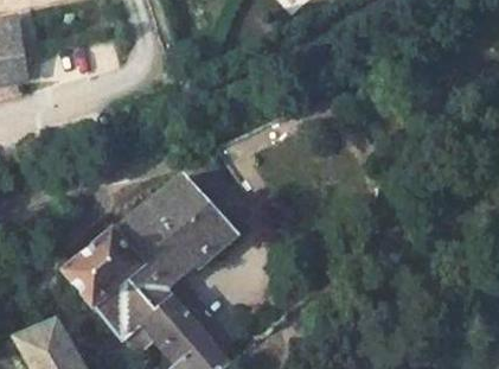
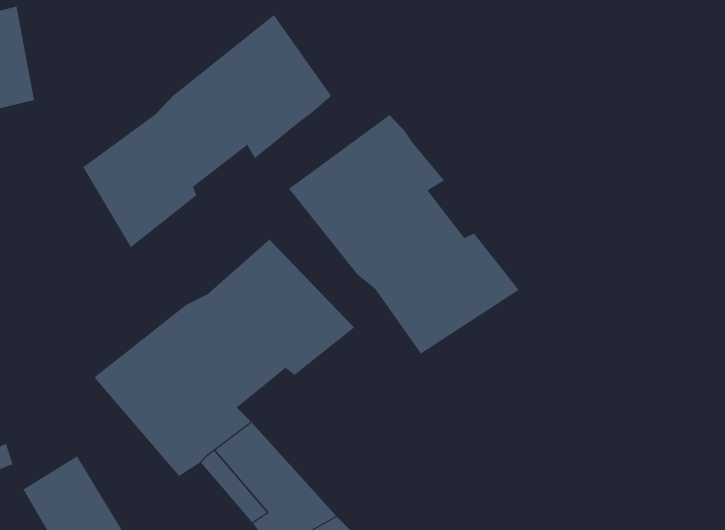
building: none -> [83,14,332,248]
building: none -> [288,114,520,355]

